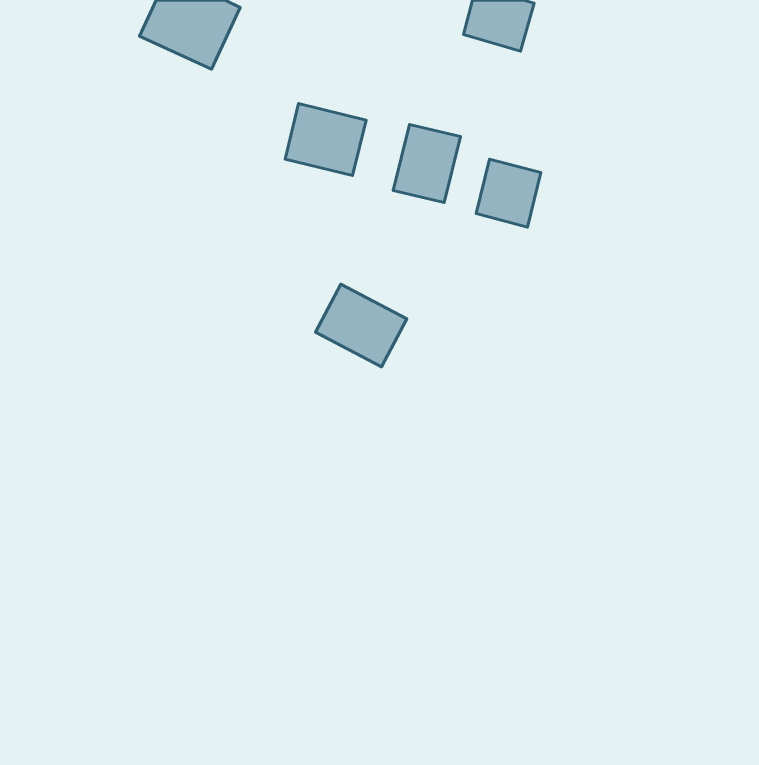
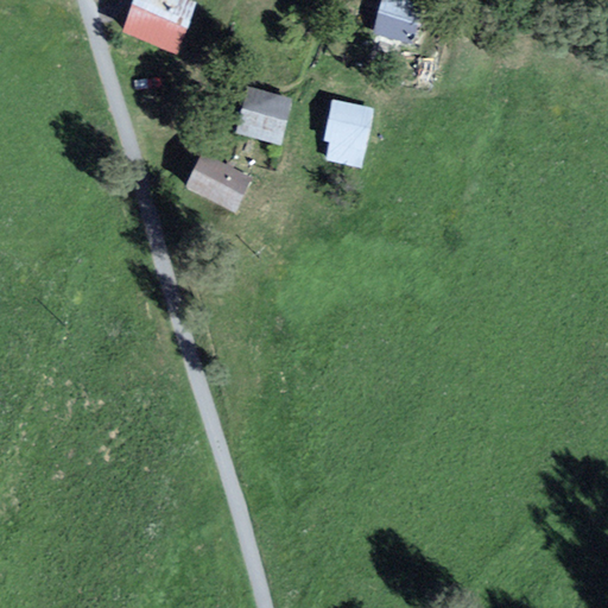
building: [476,159,541,227] -> none
building: [315,284,407,367] -> [184,150,256,215]

